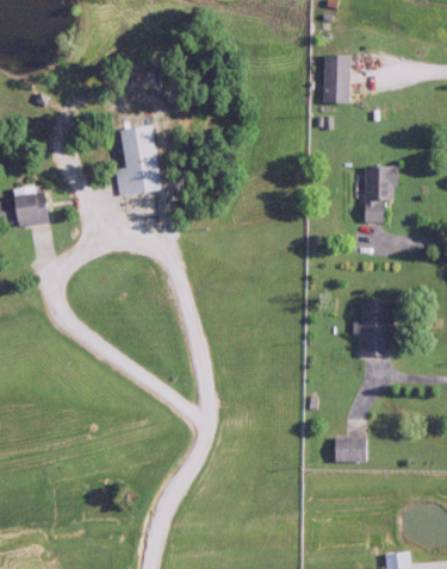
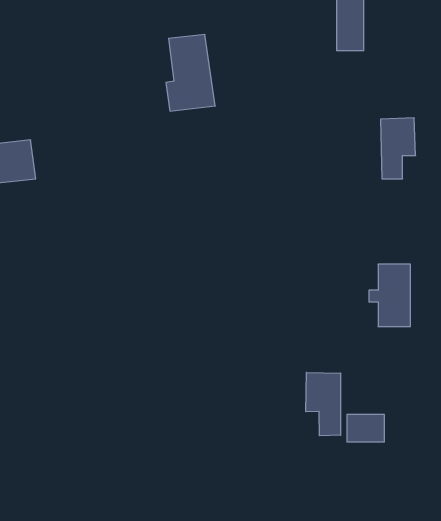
building: [116,125,161,195] -> [166,35,215,111]
building: none -> [306,372,341,436]

